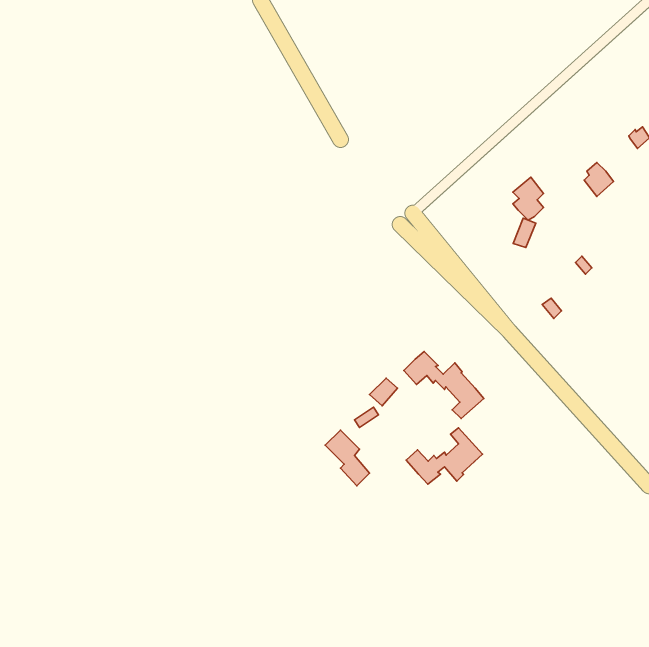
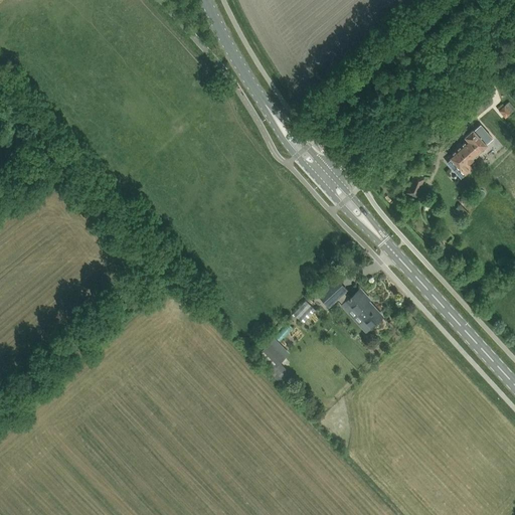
building: [513,177,543,220] -> [449,144,473,178]
building: [406,428,483,484] -> none

